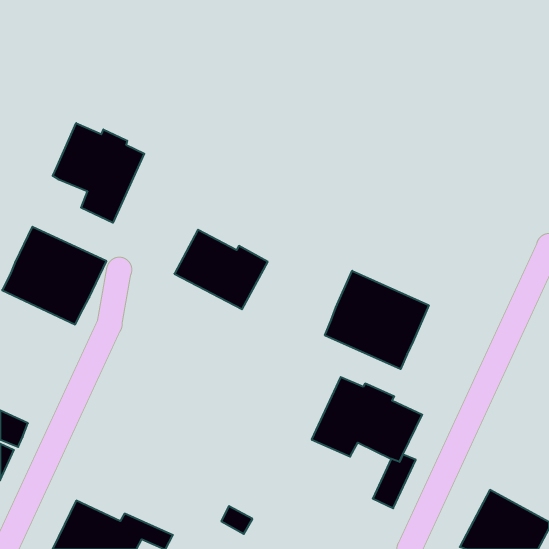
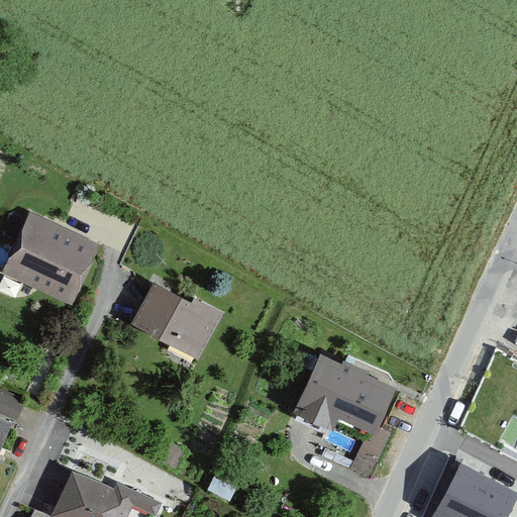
building: [53,123,144,223] -> none
building: [174,230,268,309] -> [133,284,221,358]
building: [325,271,429,369] -> none

